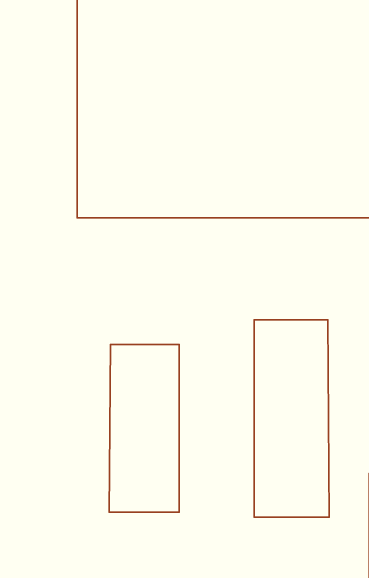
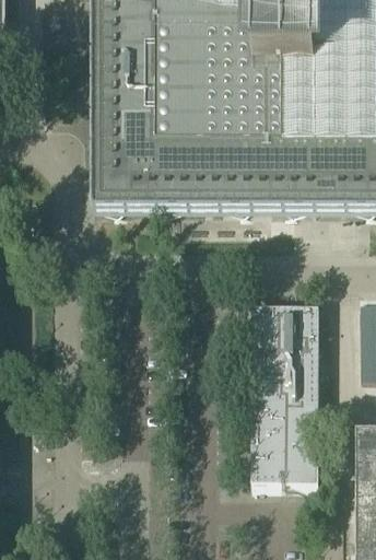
building: [109,345,179,512] -> none

